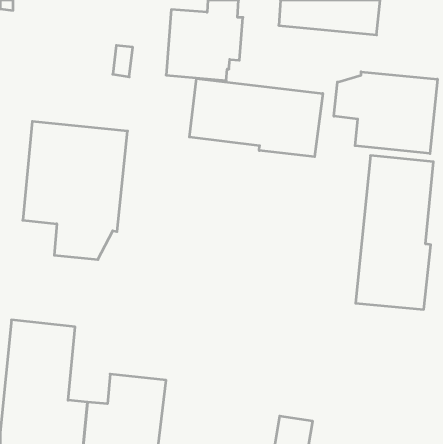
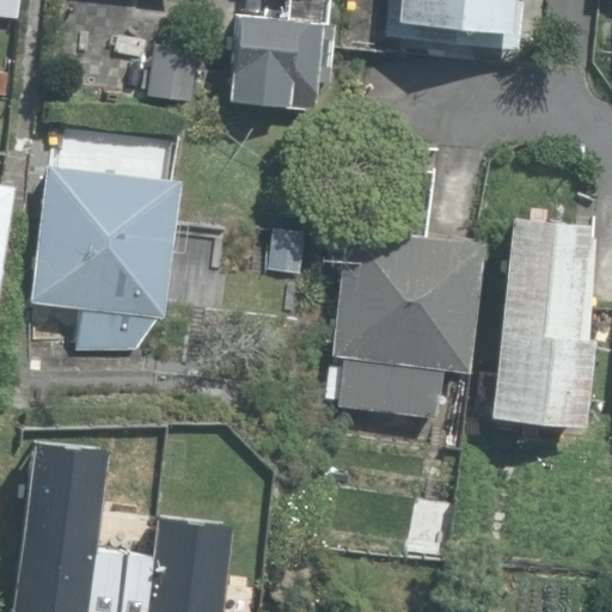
building: [334,72,437,154] -> none
building: [189,79,323,157] -> none
building: none -> [330,227,484,417]

